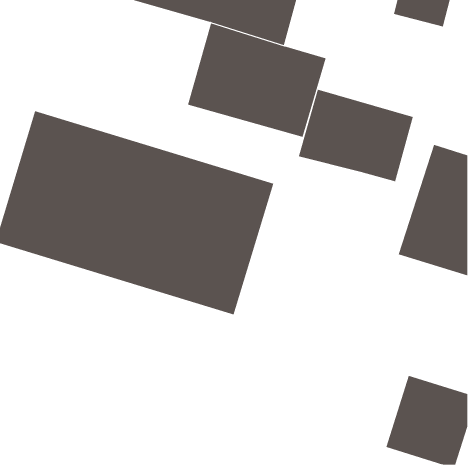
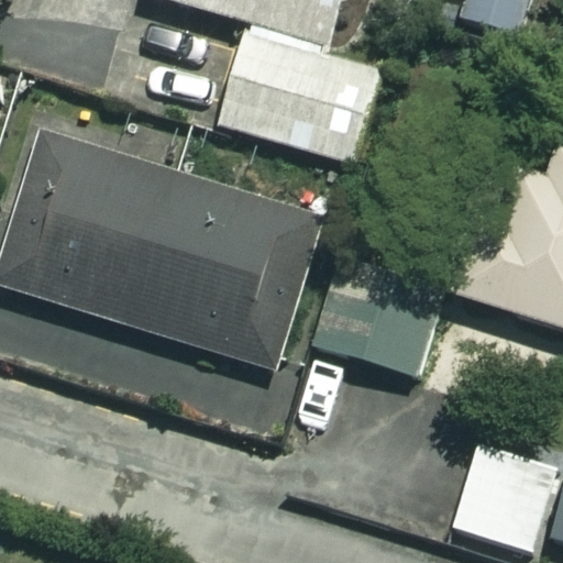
building: [298,89,413,182] -> none
building: none -> [313,277,440,376]

